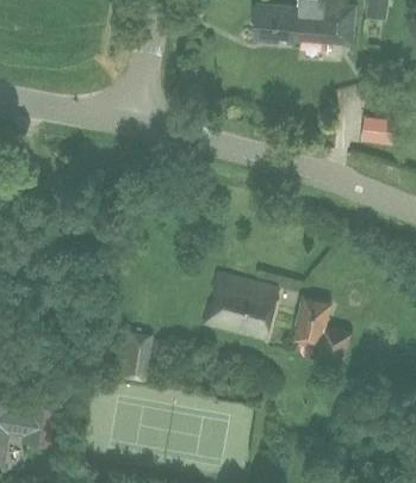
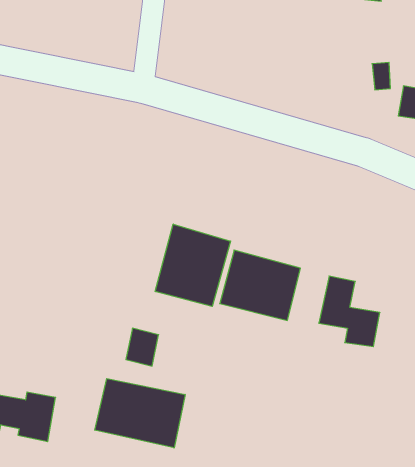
building: none -> [155,224,231,306]
building: none -> [95,379,185,448]

